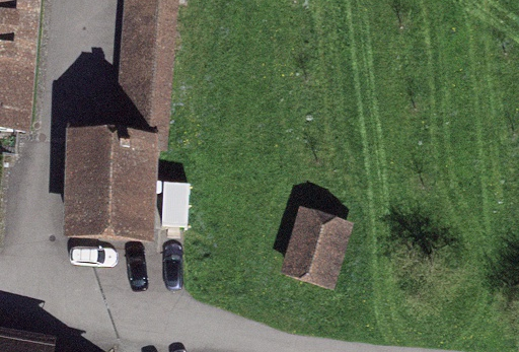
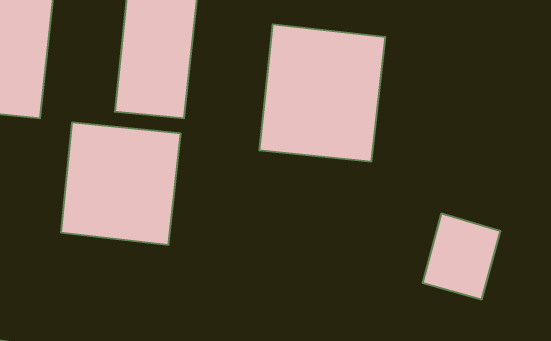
building: none -> [260,24,385,162]
building: [280,205,352,284] -> [423,214,501,299]

